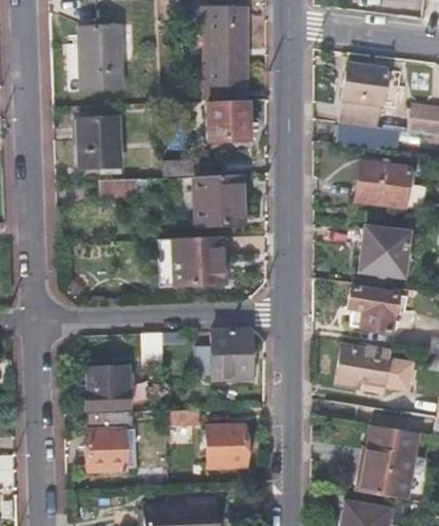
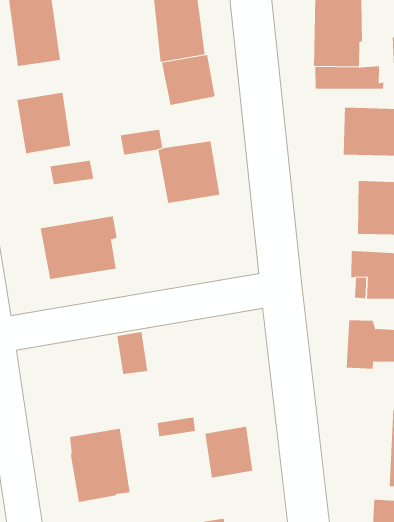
building: [163,236,229,285] -> [40,216,117,279]
building: [198,329,251,379] -> none
building: [88,371,130,412] -> none

